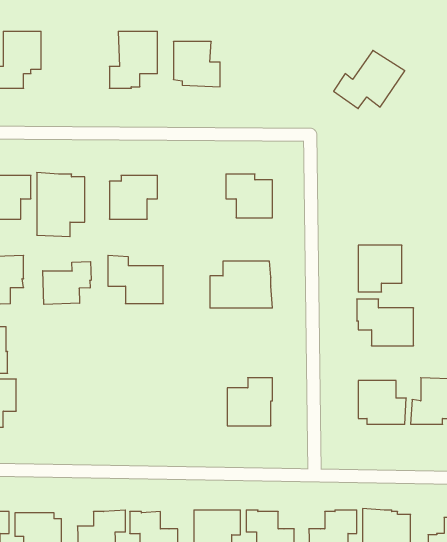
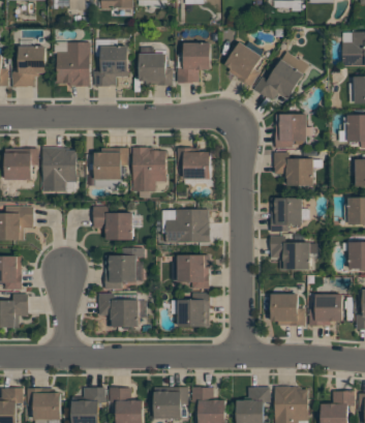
building: none -> [224,40,263,86]
building: none -> [57,41,90,86]
building: none -> [177,42,210,82]
building: none -> [275,114,307,147]
building: none -> [132,147,165,190]
building: none -> [274,152,313,185]
building: [43,262,91,304] -> none
building: none -> [104,254,136,289]
building: none -> [177,254,209,289]
building: none -> [98,293,139,326]

